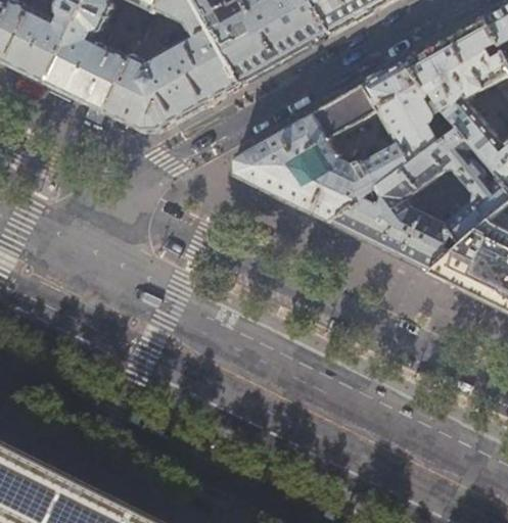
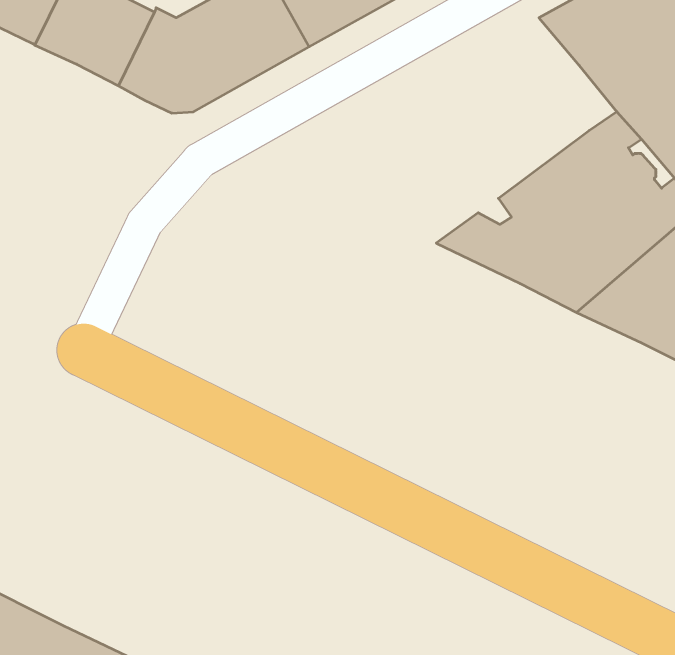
building: [233,60,440,220] -> none

